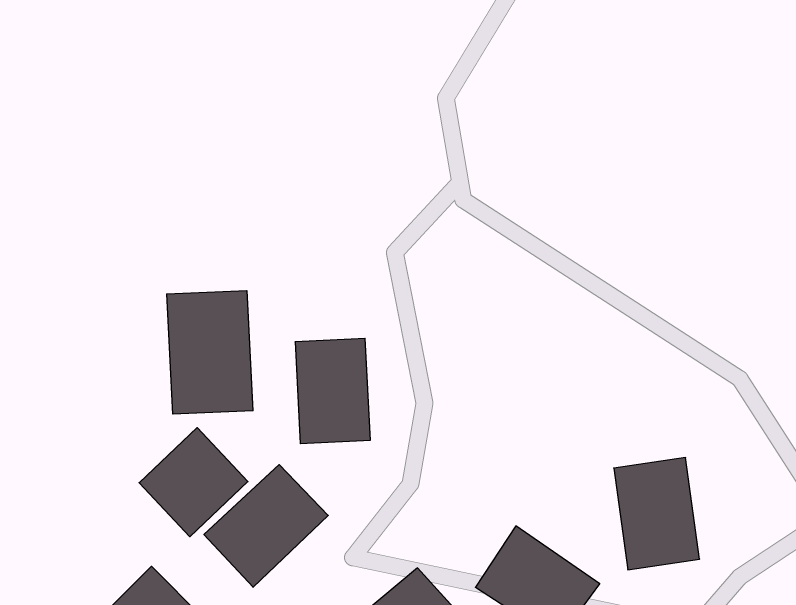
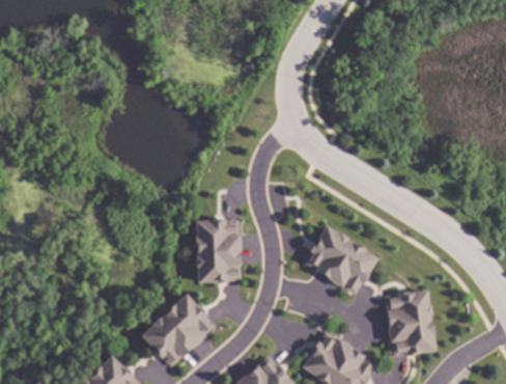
building: [167,291,253,414] -> none
building: none -> [303,227,376,295]
building: [139,428,248,537] -> none

